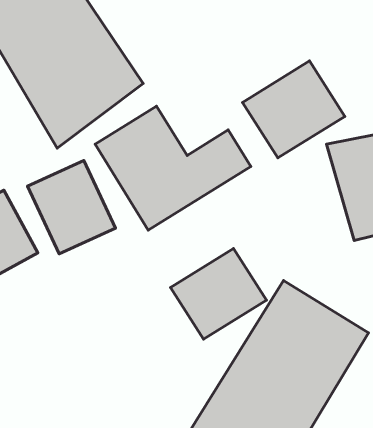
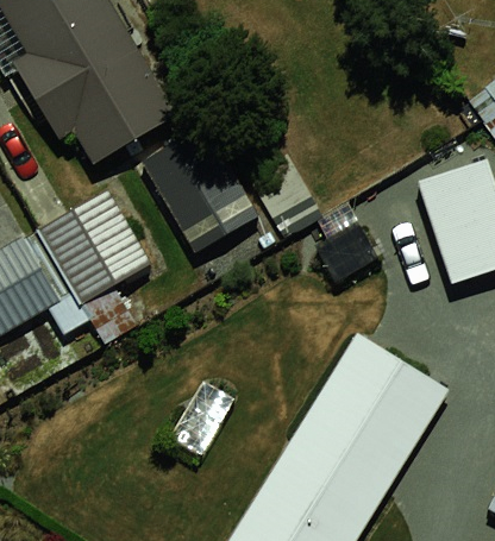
building: [243,61,345,158] -> none
building: [171,248,266,339] -> none

